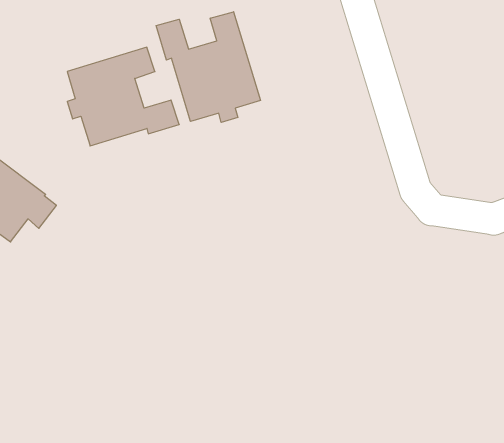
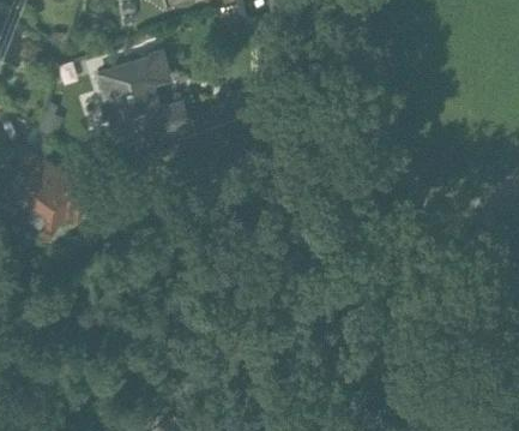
building: [156,12,261,122] -> none

